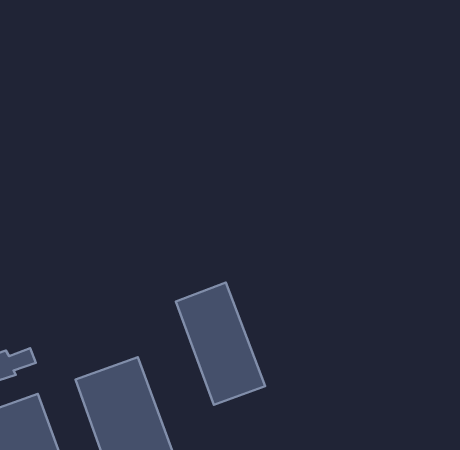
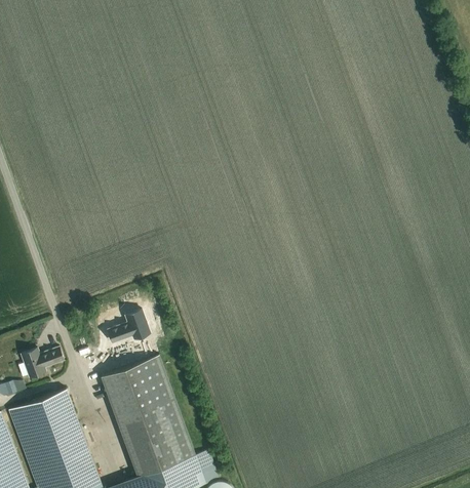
building: [176,283,265,405] -> none
building: none -> [109,311,151,341]

